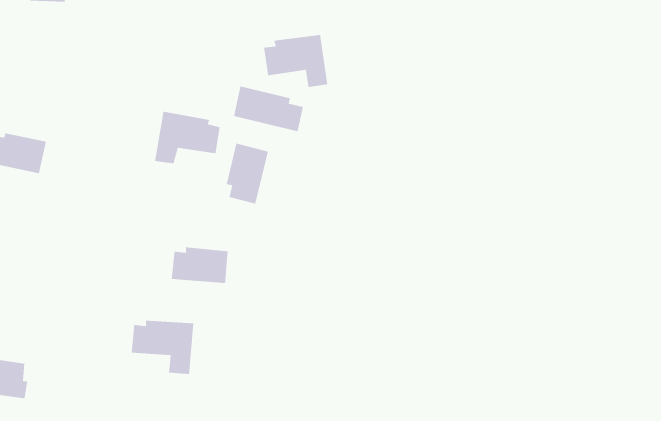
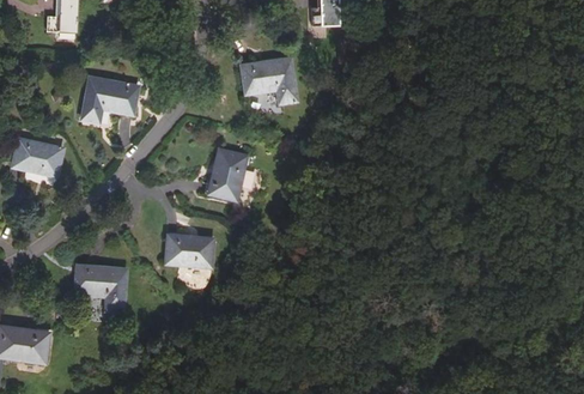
building: [233,85,304,132] -> none
building: [154,111,220,164] -> [83,78,138,122]
building: [131,320,194,375] -> [75,266,128,311]

